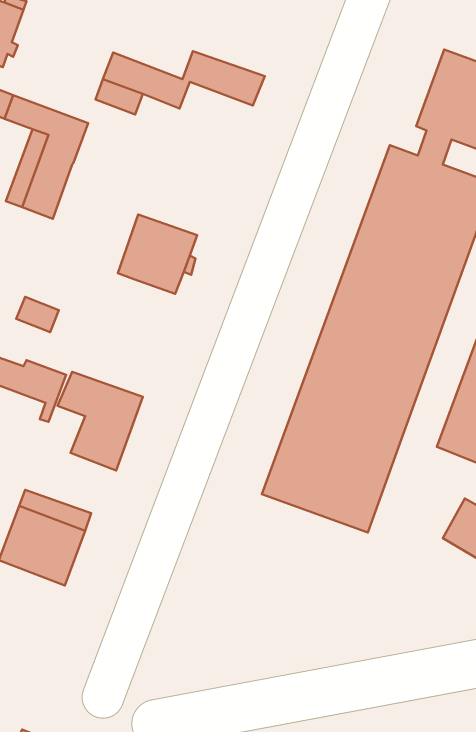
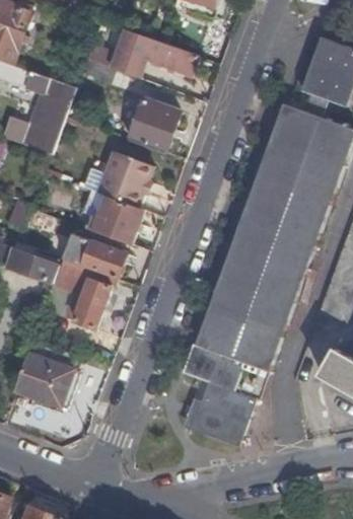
building: none -> [127,98,178,152]
building: none -> [91,196,141,243]
building: none -> [62,234,125,278]
building: none -> [183,344,267,446]

